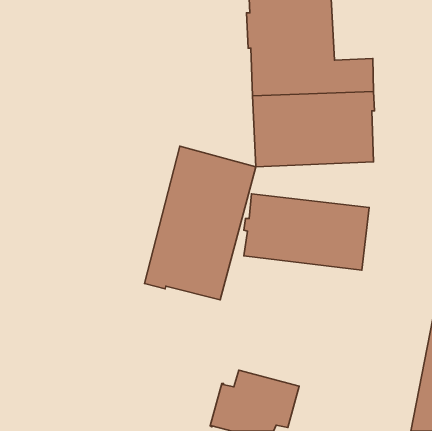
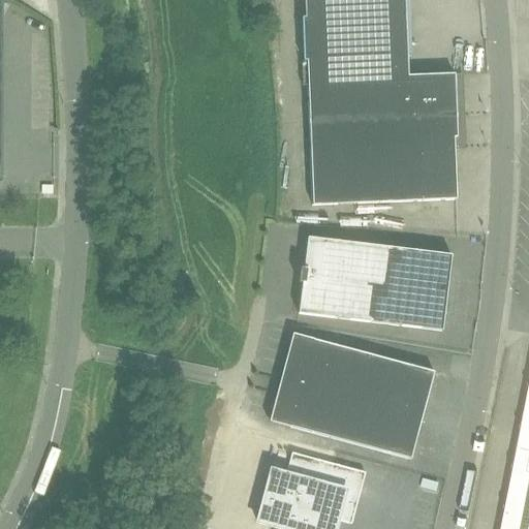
building: [145,146,256,300] -> none
building: none -> [272,332,434,458]

